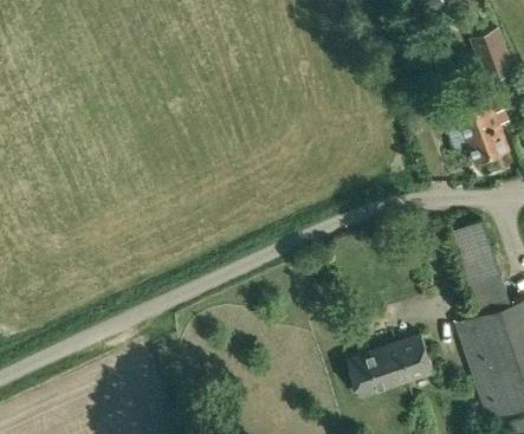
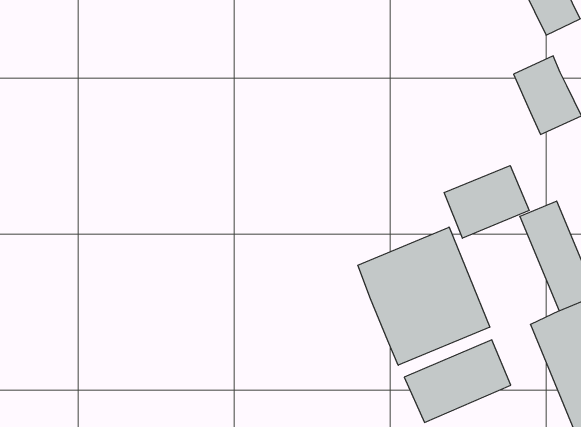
building: none -> [444,166,529,238]
building: none -> [358,227,490,365]

